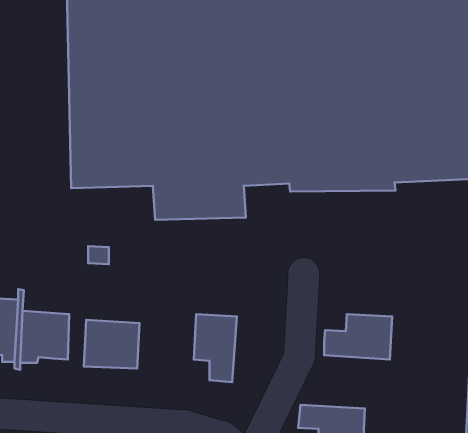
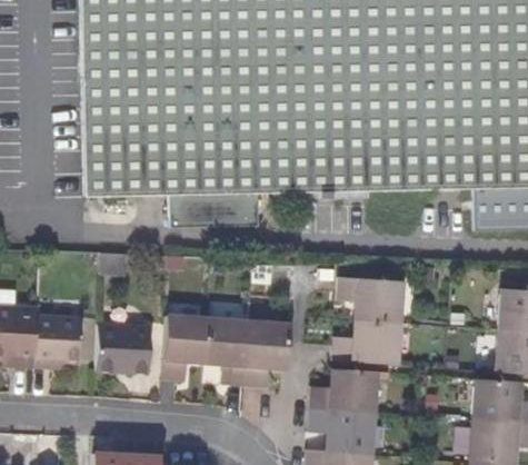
building: none -> [337,276,401,321]
building: none -> [161,317,207,383]
building: none -> [242,321,289,388]
building: none -> [309,368,375,412]

